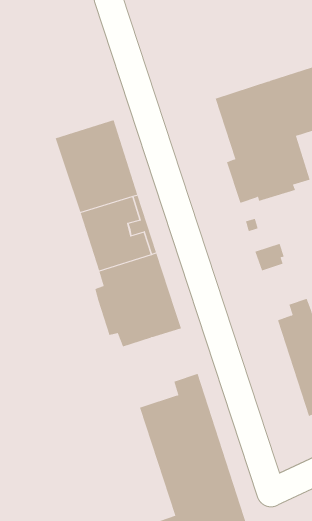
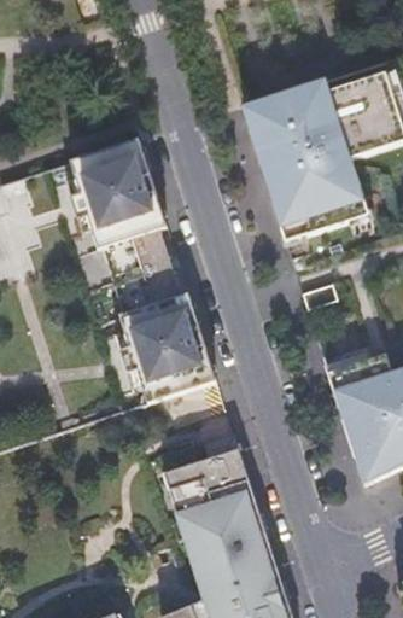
building: none -> [241,82,317,188]

